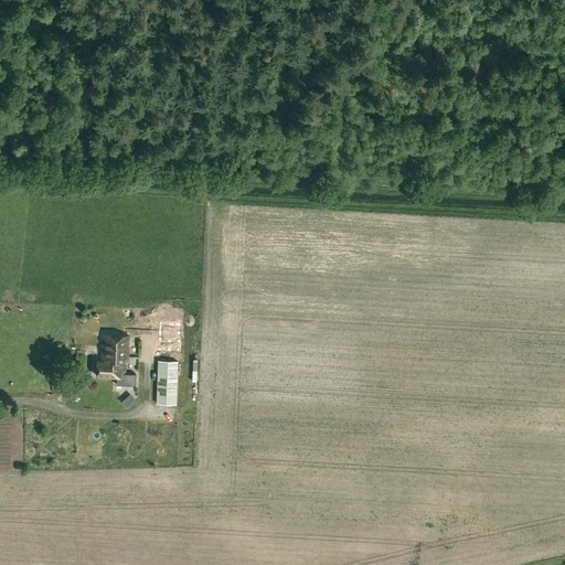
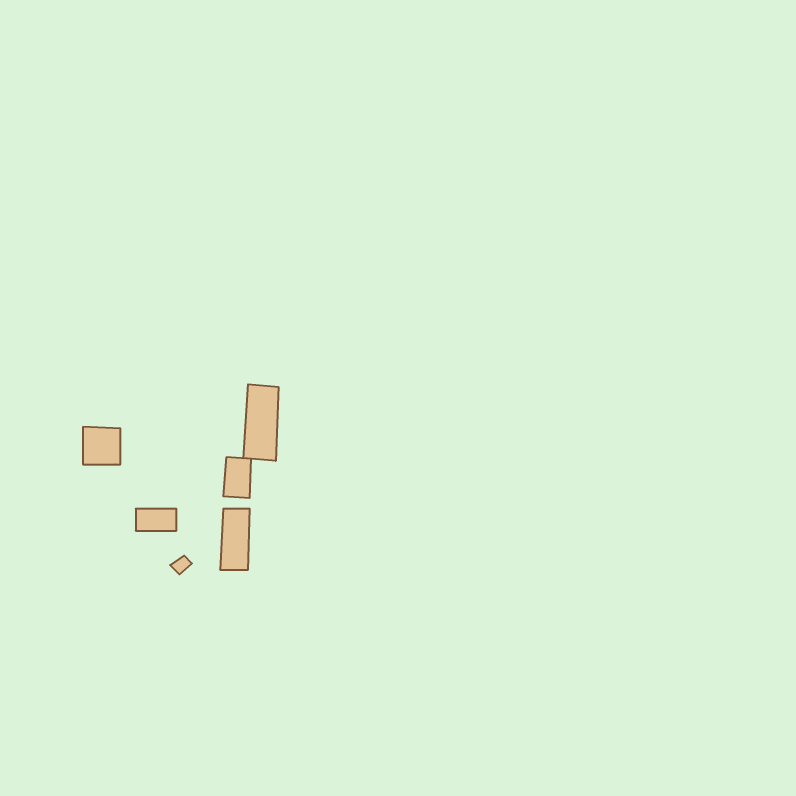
building: none -> [244,384,278,461]
building: [103,333,129,360] -> [83,427,120,464]

